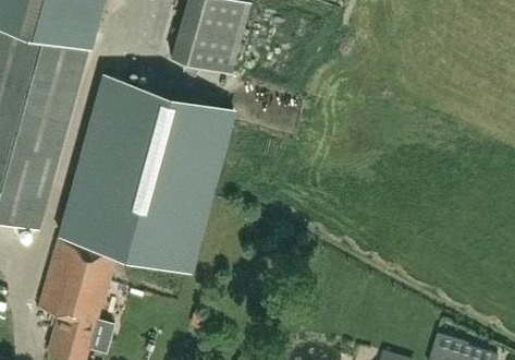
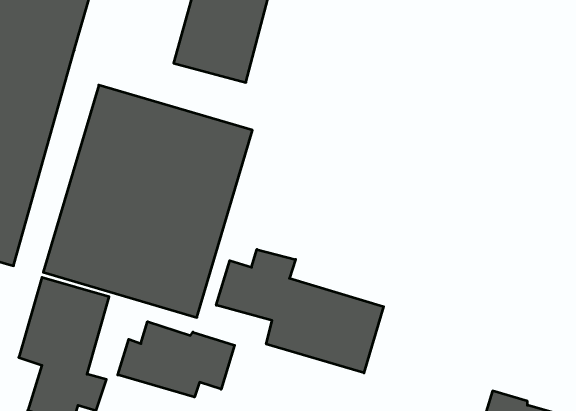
building: none -> [216,249,384,373]
building: none -> [118,322,235,397]

